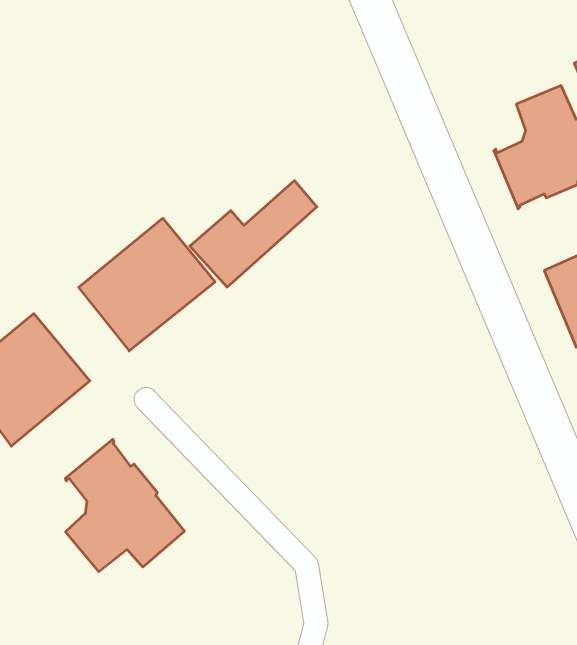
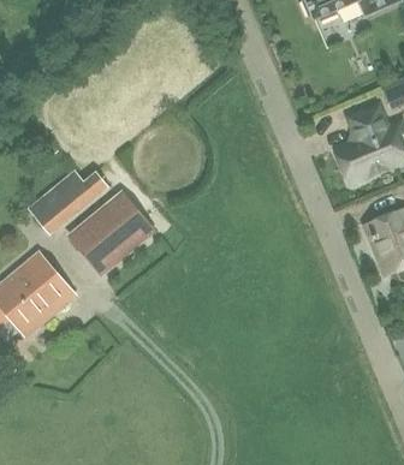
building: [190,181,317,287] -> [34,167,115,236]
building: [65,439,184,572] -> none

